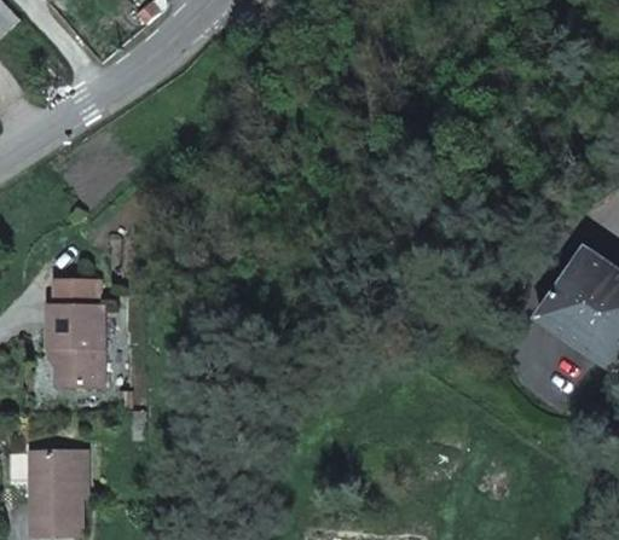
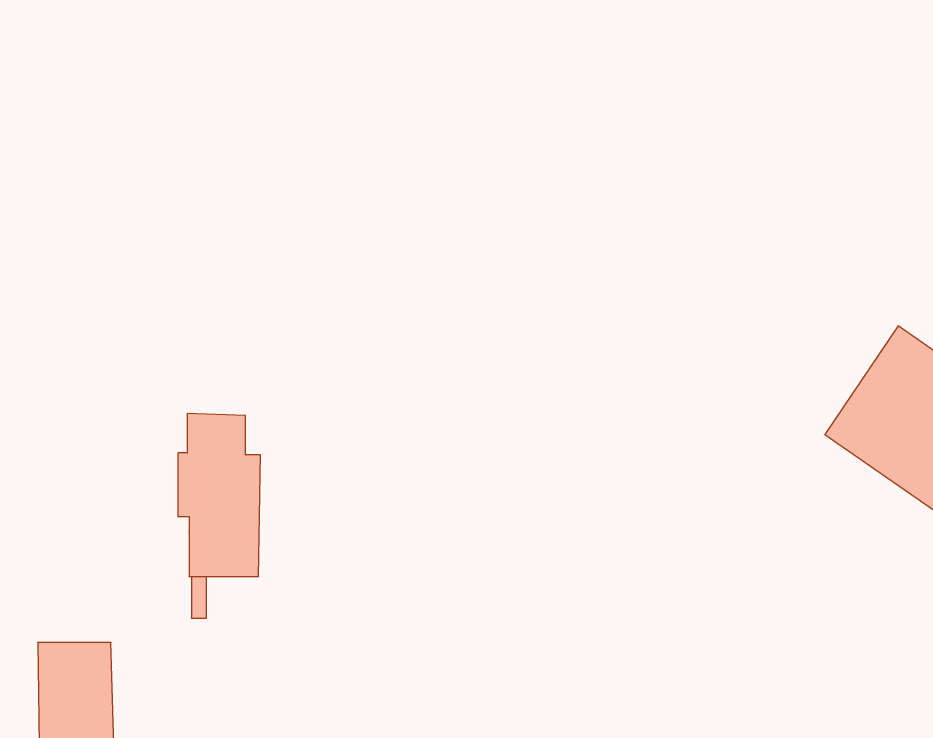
building: [48,279,102,384] -> [178,414,260,577]

